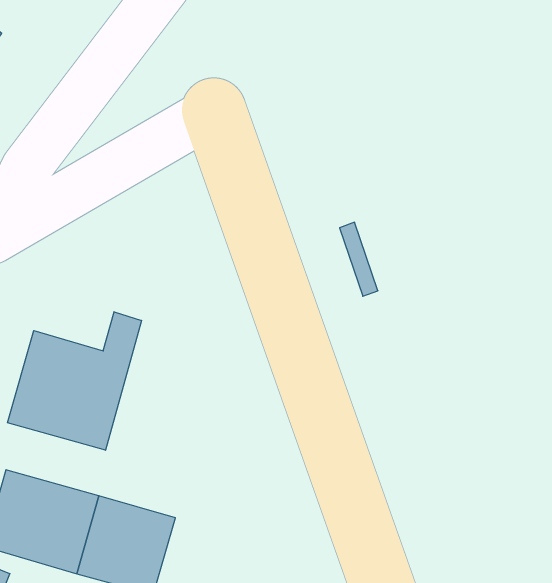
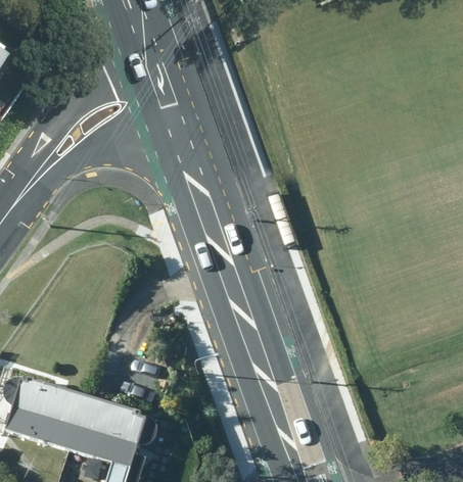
building: [7,312,142,450] -> none

